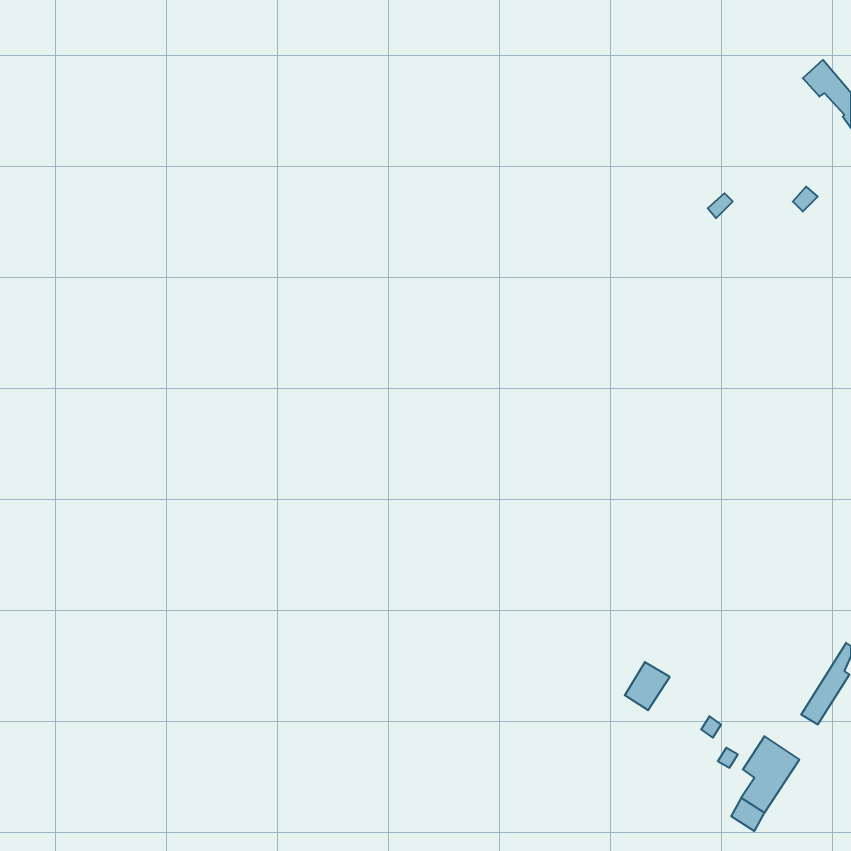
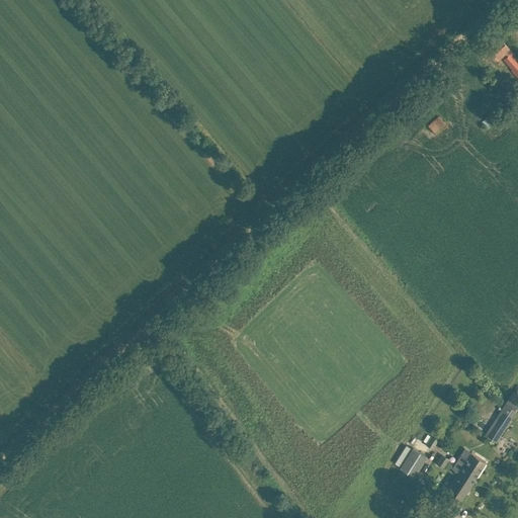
building: [625,662,670,710] -> [400,447,427,477]

